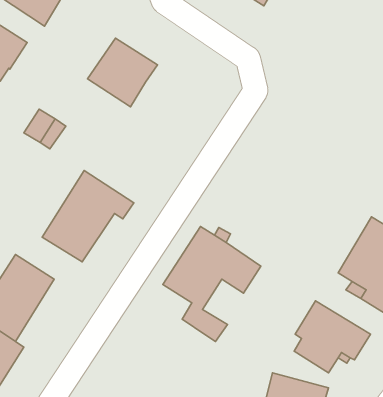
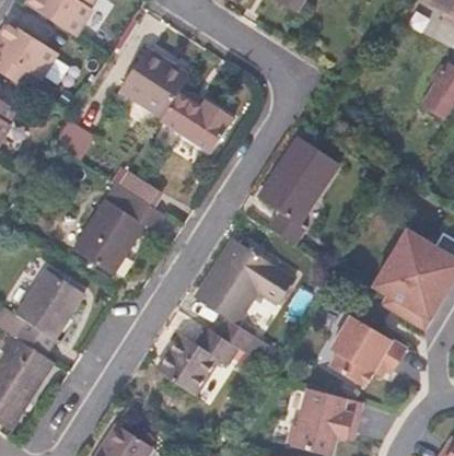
building: none -> [160,92,233,152]
building: none -> [258,137,338,246]
building: none -> [155,326,238,396]

